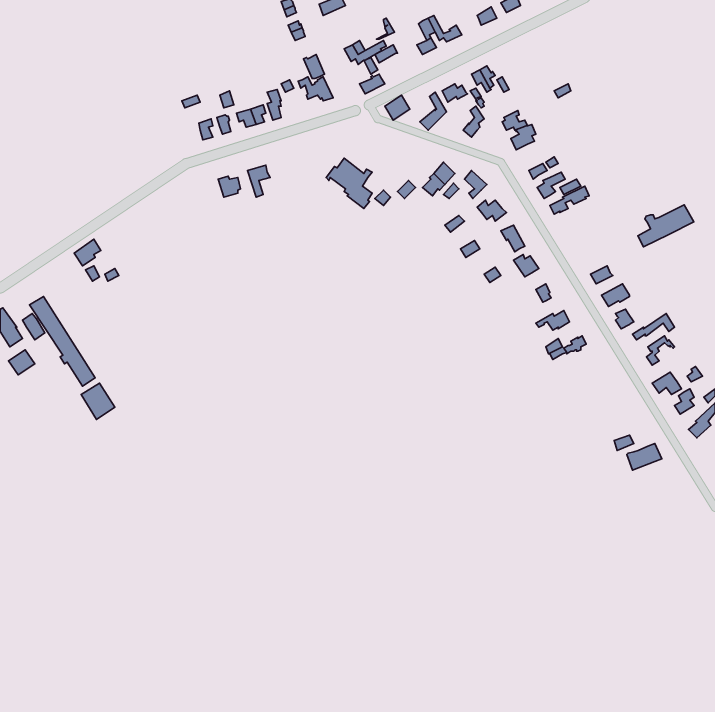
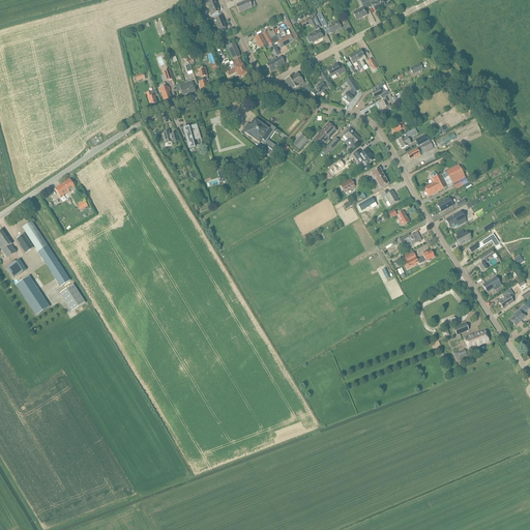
building: [638,205,694,247] -> [424,164,466,195]
building: none -> [16,274,50,315]

